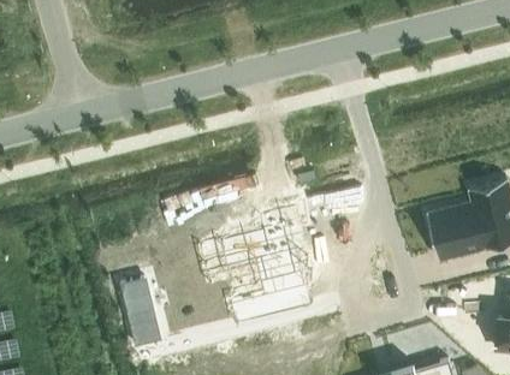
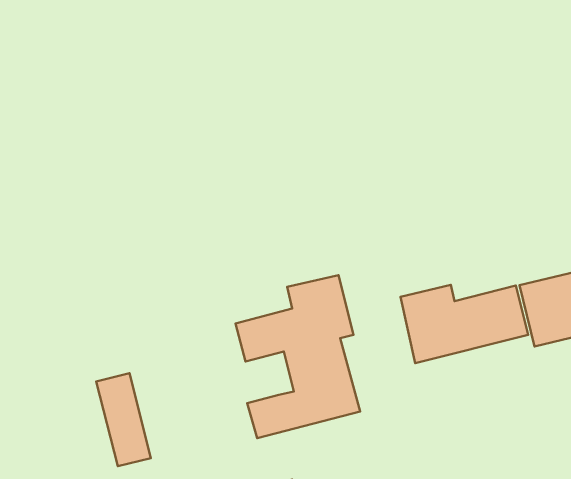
building: none -> [400,285,528,363]

